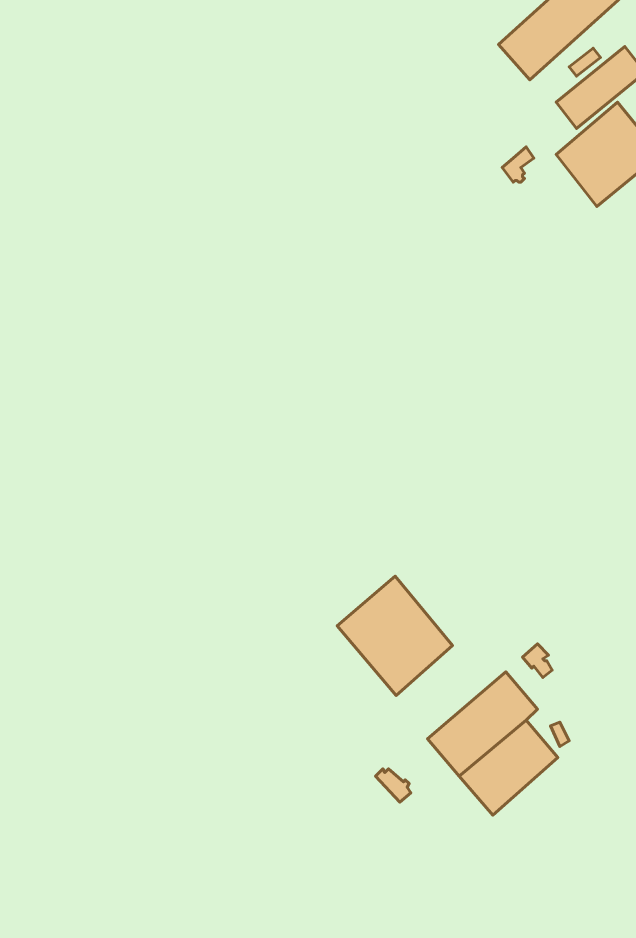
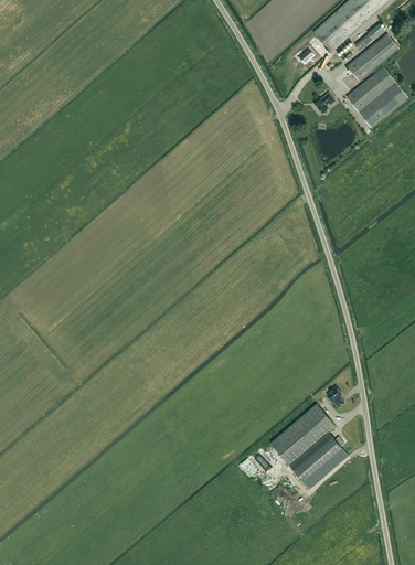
building: [337,576,452,695] -> none

